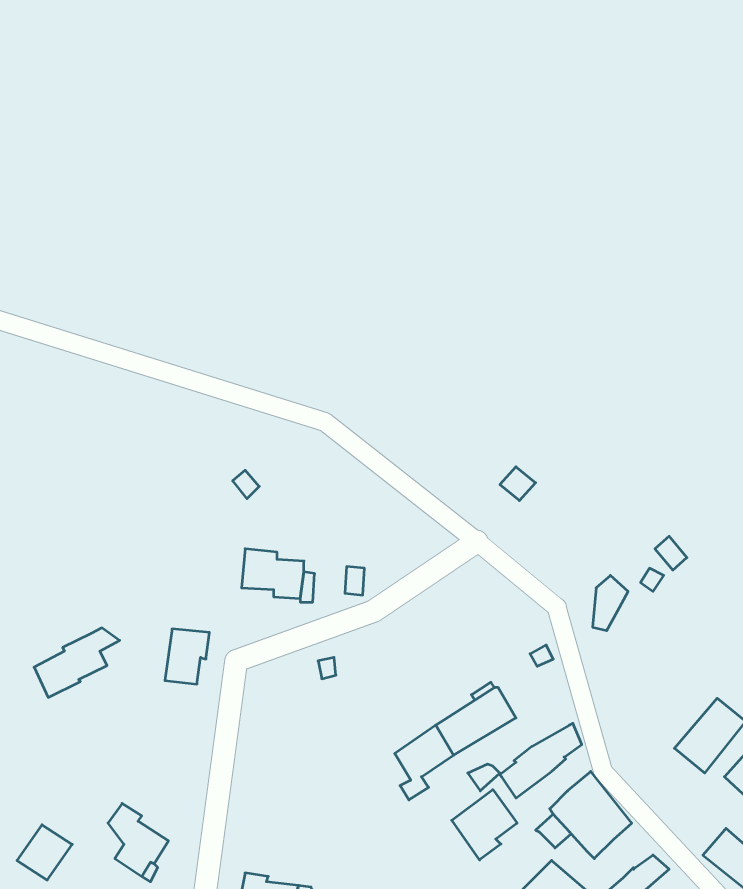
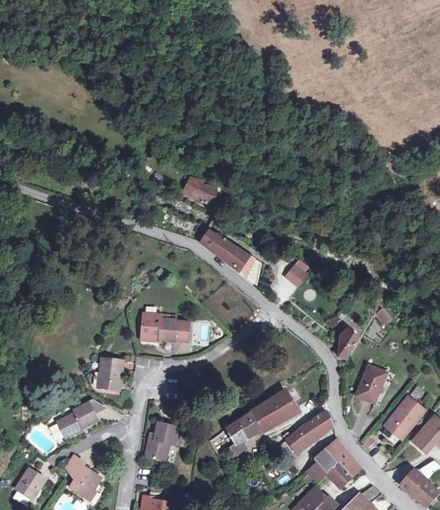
building: none -> [184,173,219,209]
building: none -> [200,231,261,285]
building: [34,628,120,697] -> [57,399,105,438]
building: none -> [355,365,386,402]
building: none -> [144,422,178,461]
building: [452,790,517,860] -> none

